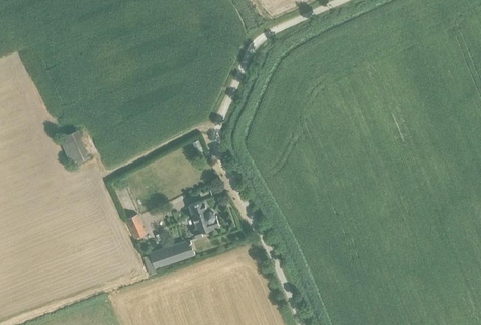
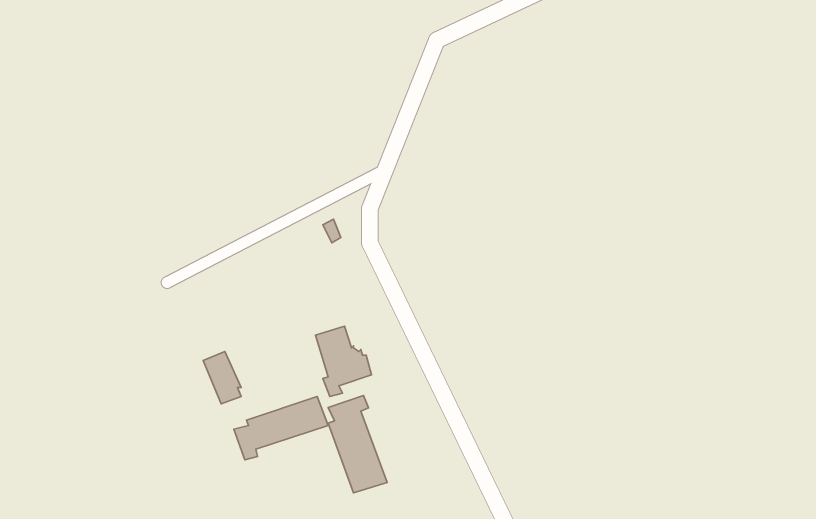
building: [59,129,90,165] -> none
building: none -> [328,396,387,493]

